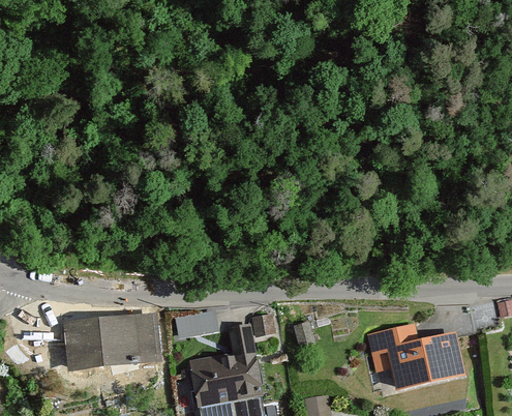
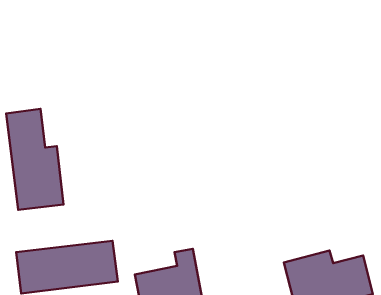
building: none -> [6,109,63,210]
building: [173,309,216,337] -> none

